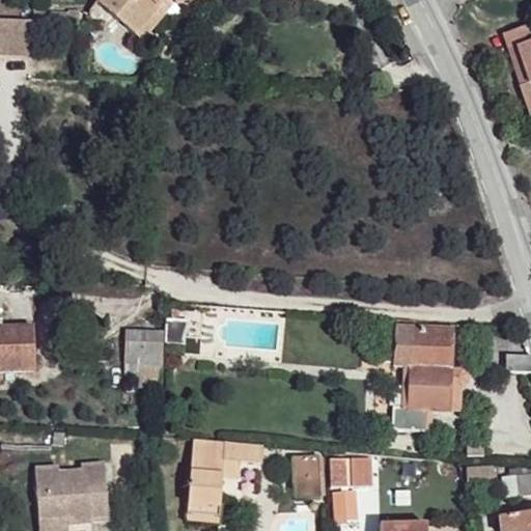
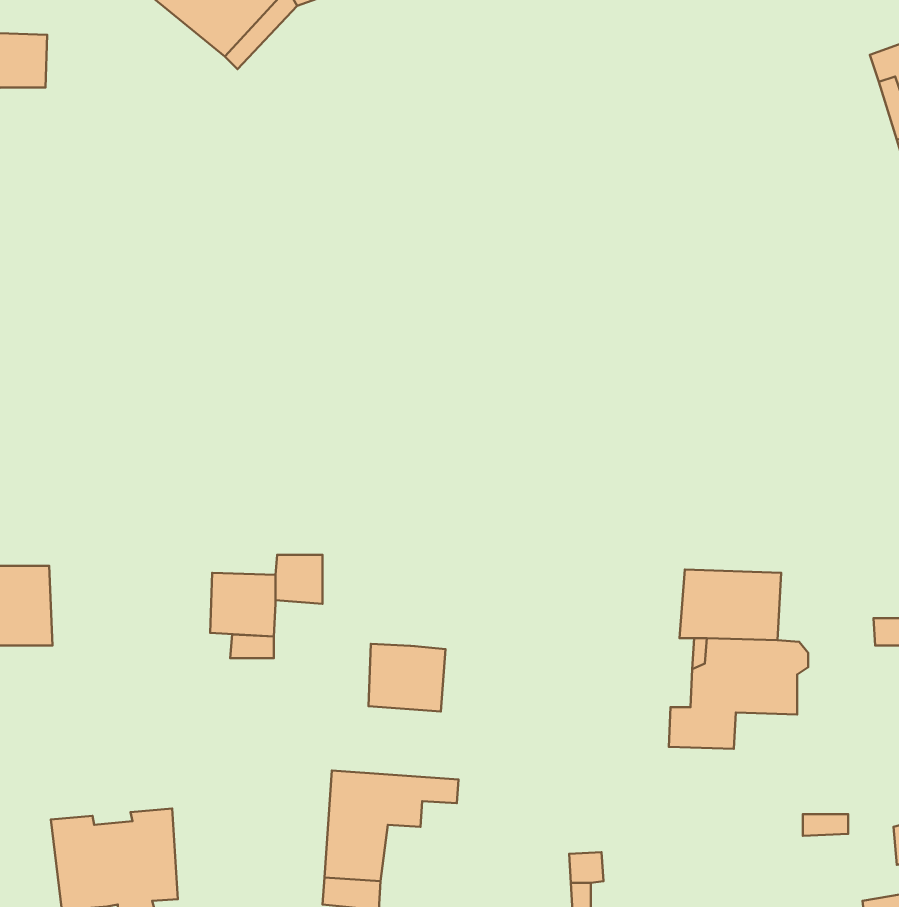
building: none -> [368,644,445,711]
building: [291,454,319,496] -> none
building: [328,456,371,484] -> none

